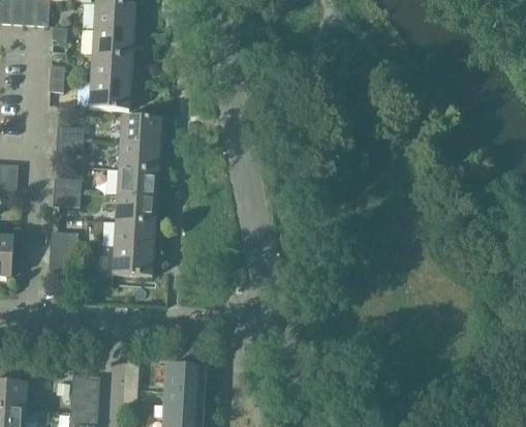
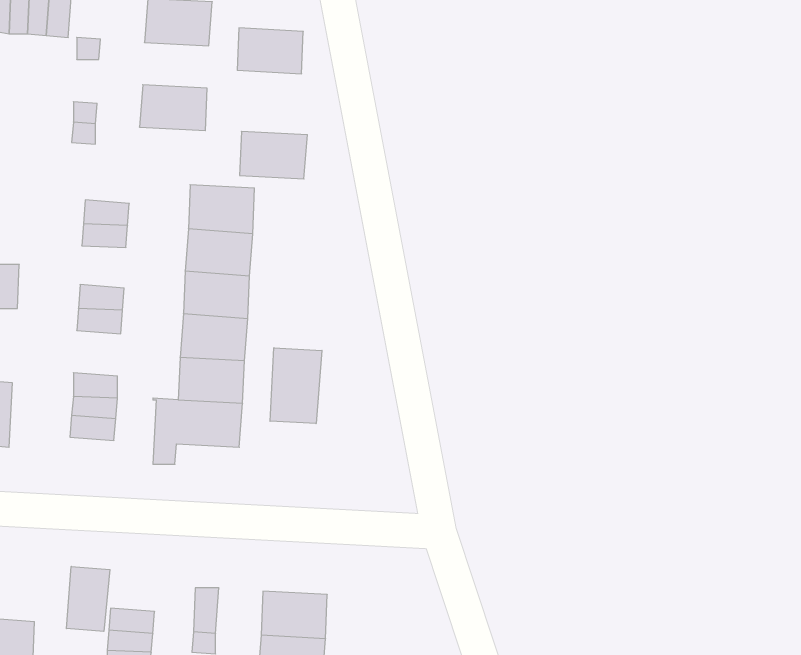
building: [93,27,133,55] -> [237,28,303,74]
building: [90,79,131,108] -> [240,131,307,179]
building: none -> [270,348,322,424]
building: none -> [66,566,110,631]

